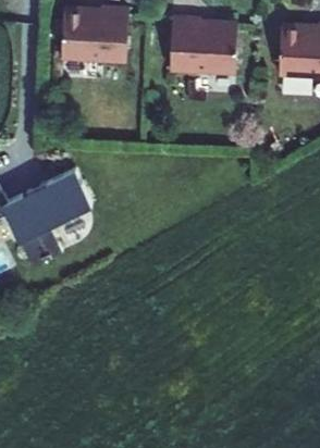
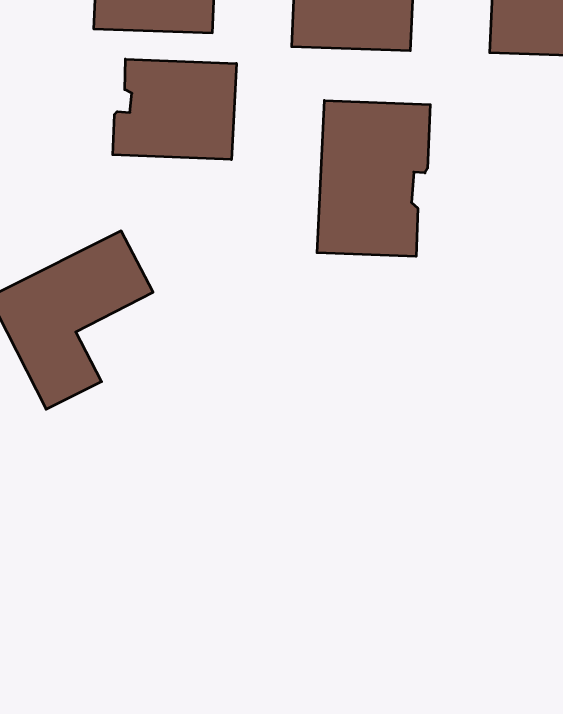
building: none -> [113,59,236,160]
building: none -> [317,100,430,256]

